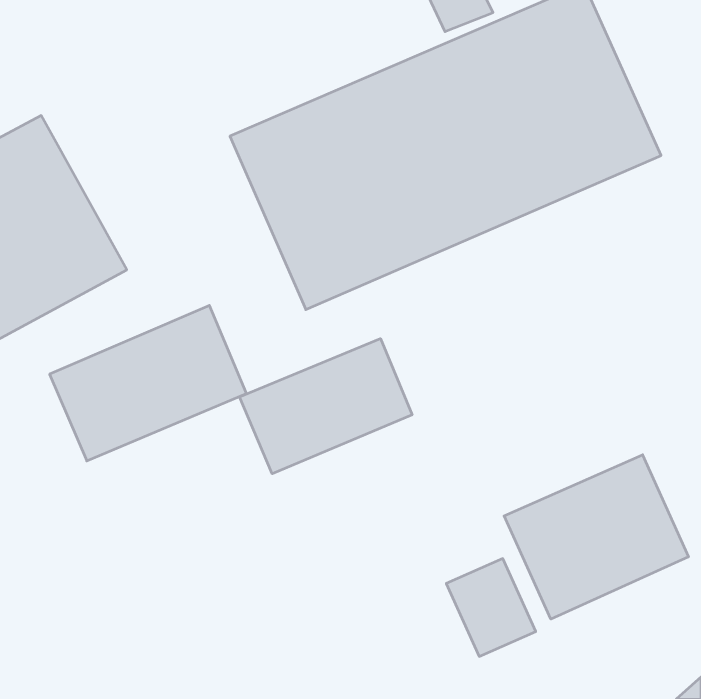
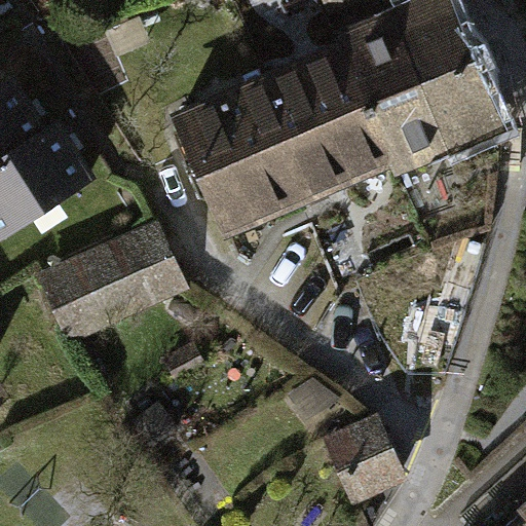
building: [240,339,412,474] -> none
building: [504,455,688,619] -> none

